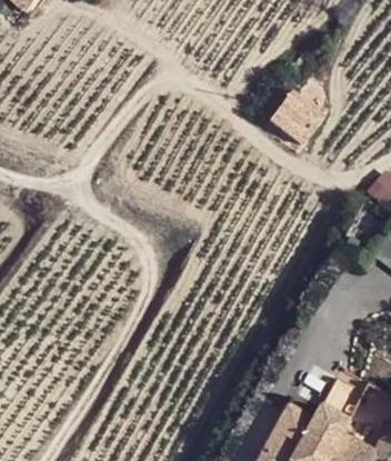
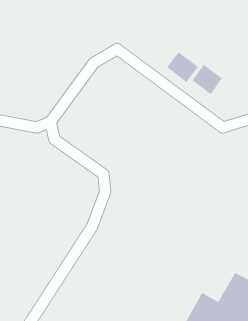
building: none -> [166,51,199,83]

